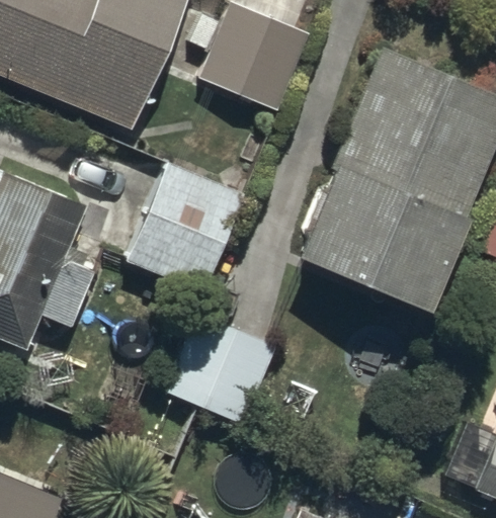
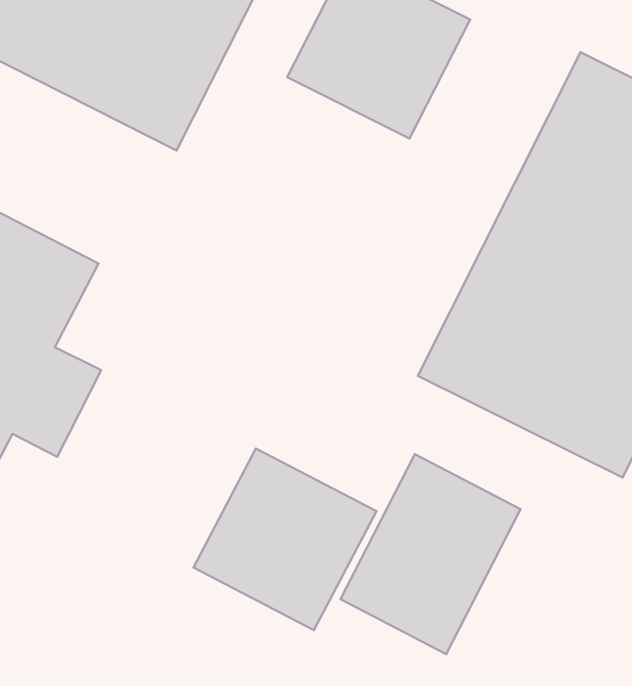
building: [125,162,244,294] -> none
building: none -> [341,454,521,654]

